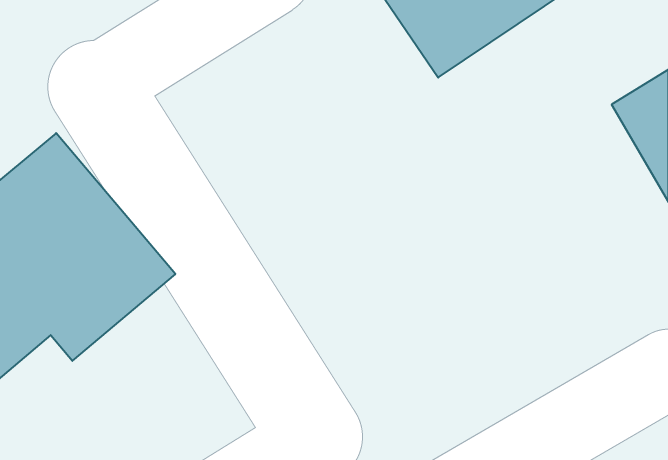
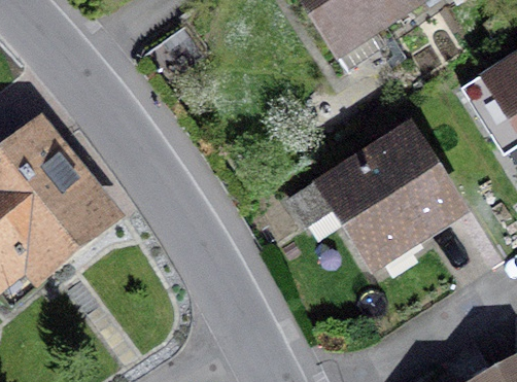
building: none -> [305,128,454,274]

